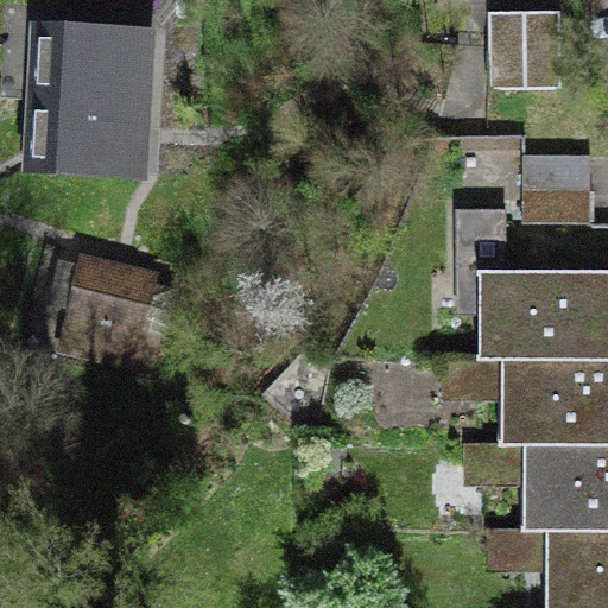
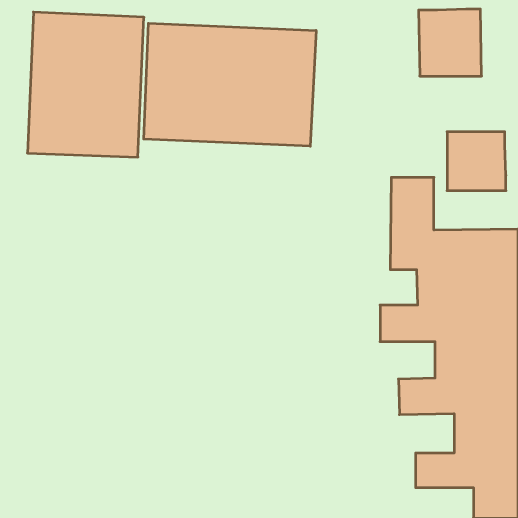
building: none -> [144,23,316,146]
building: [65,254,186,354] -> none

